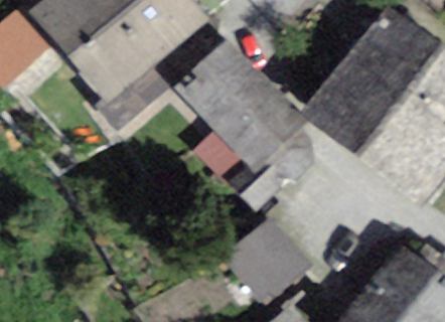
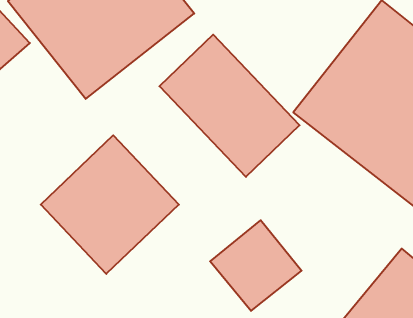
building: none -> [41,135,179,274]

